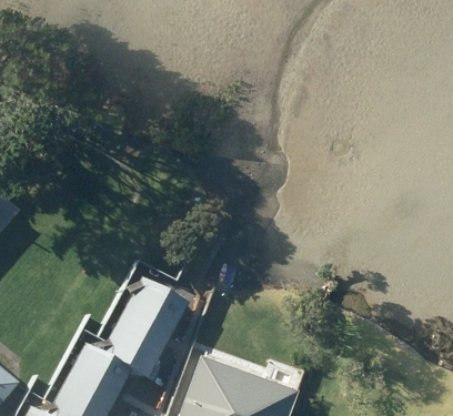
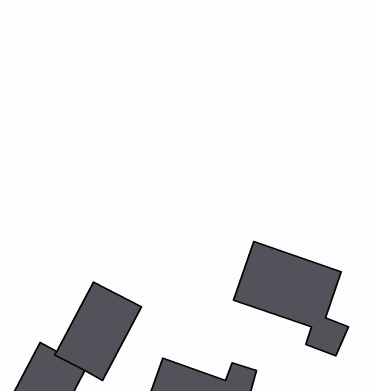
building: none -> [233,241,349,356]

